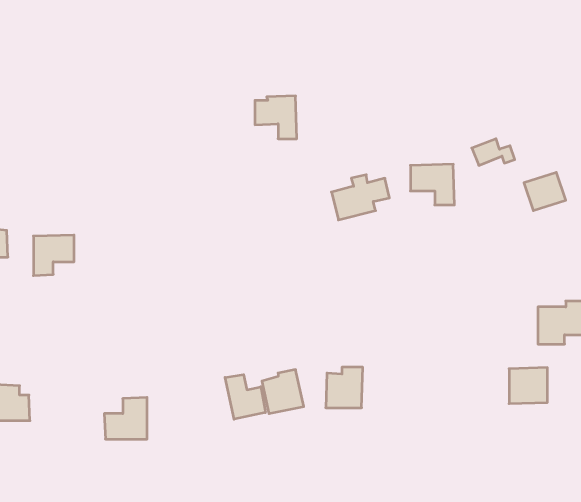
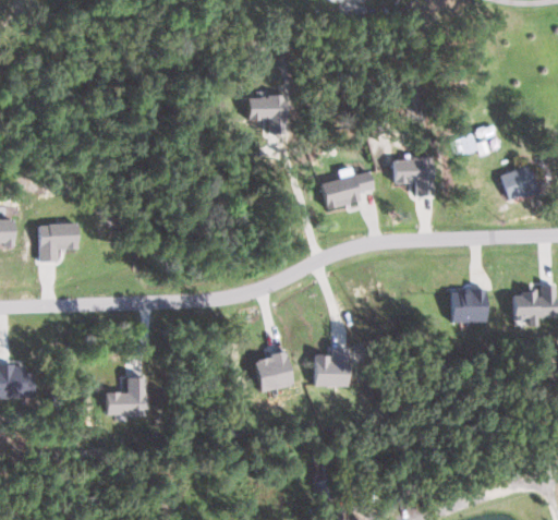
building: [509,368,547,404] -> [451,289,487,323]
building: [225,375,265,419] -> none

